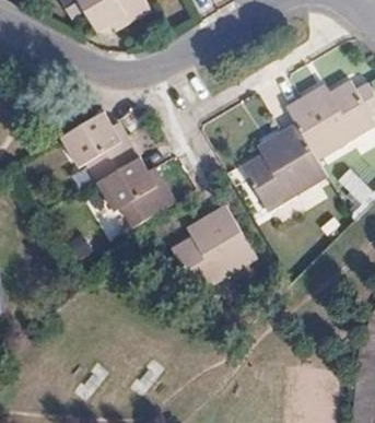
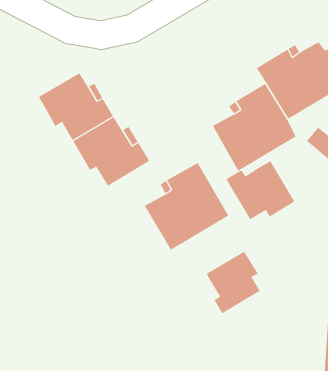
building: none -> [226,161,295,220]
building: none -> [206,251,261,314]

